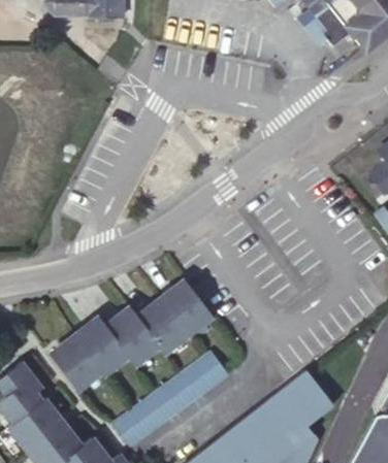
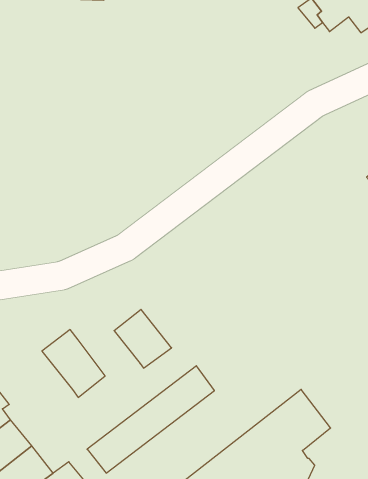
building: [160,279,213,333] -> none
building: [102,307,159,367] -> none
building: [45,336,97,391] -> none

